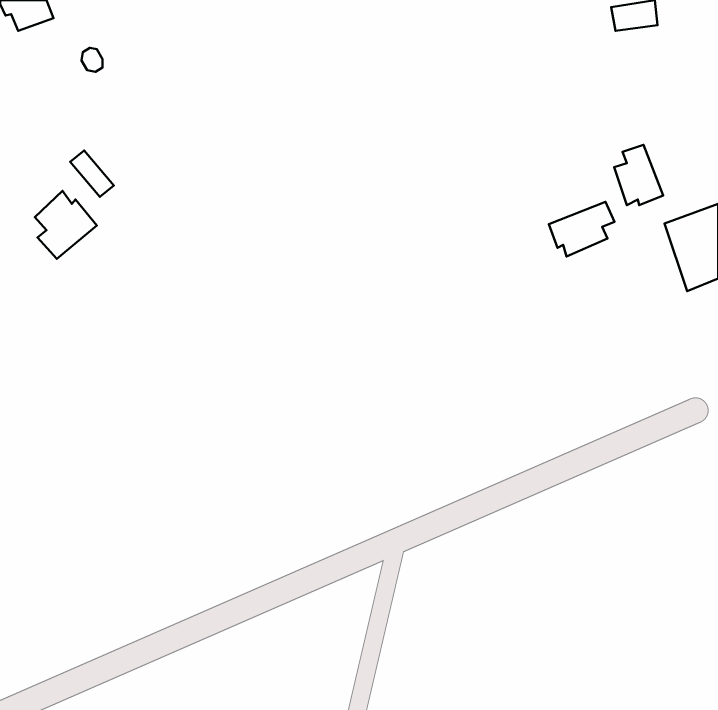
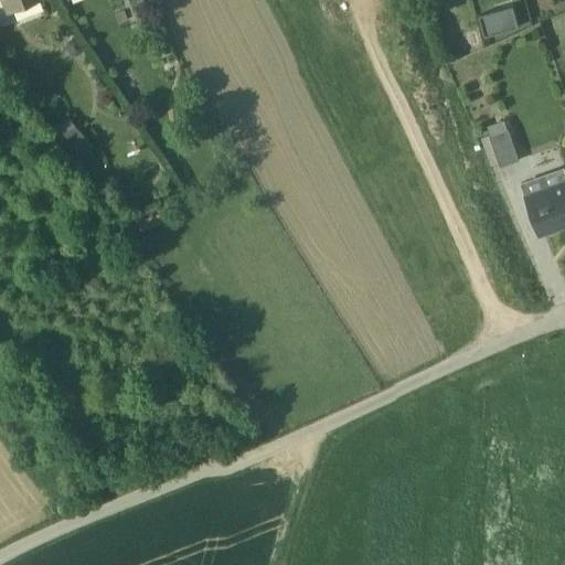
building: [35,191,97,259] -> none
building: [549,202,615,257] -> none

